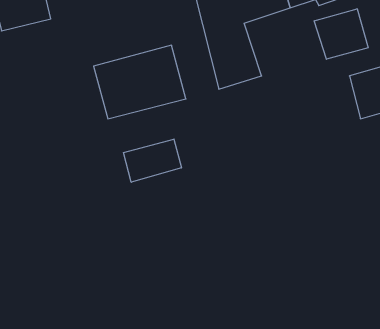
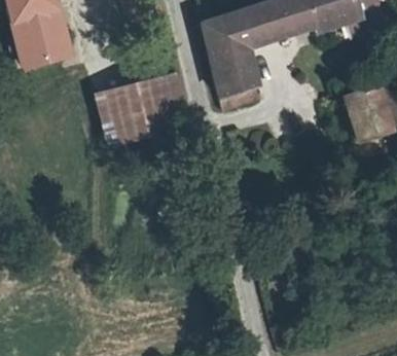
building: [314,9,368,59] -> none
building: [123,139,181,182] -> none

